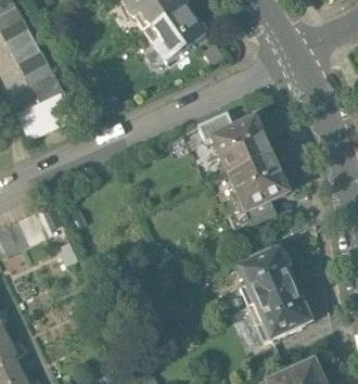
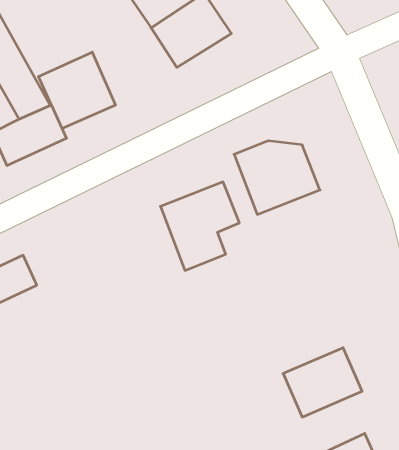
building: none -> [38,52,115,128]
building: [228,159,291,230] -> [160,182,239,270]
building: [235,246,296,306] -> none

